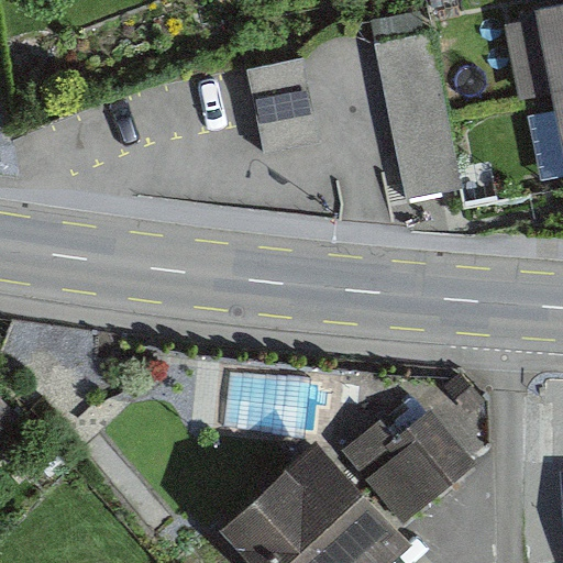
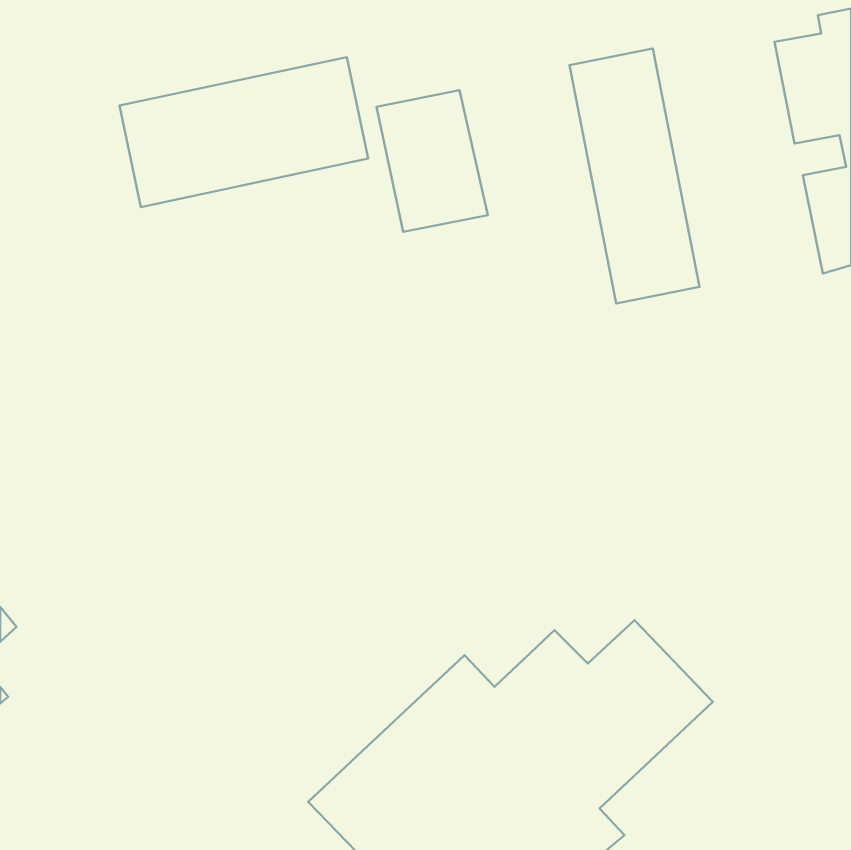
building: none -> [119,57,368,207]

